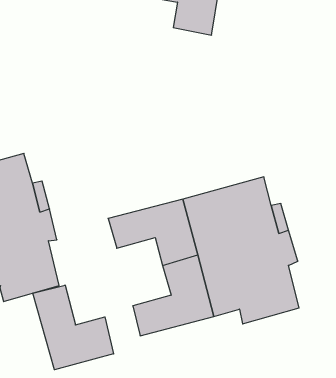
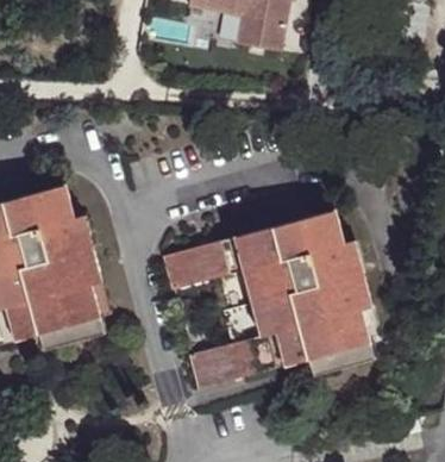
building: [33,285,114,370] -> none

